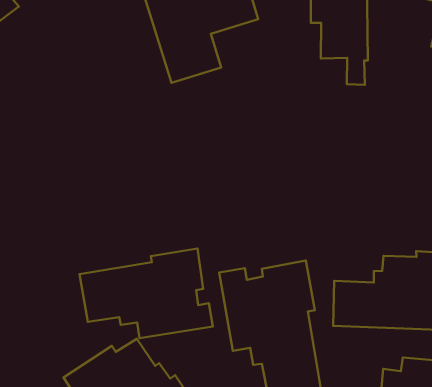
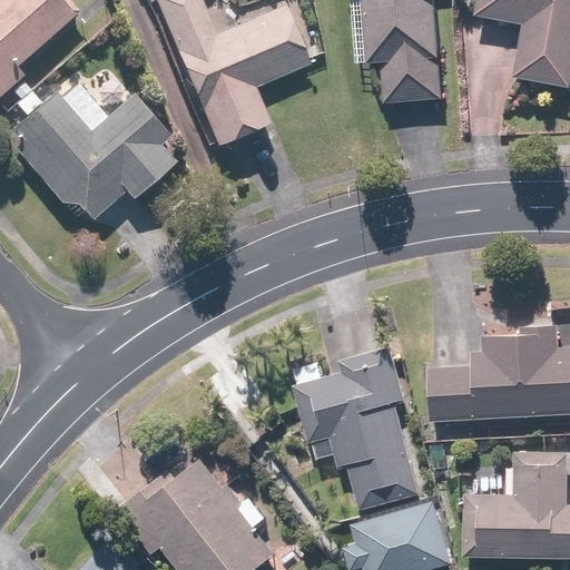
building: none -> [18,85,178,220]
building: [80,249,213,338] -> none

